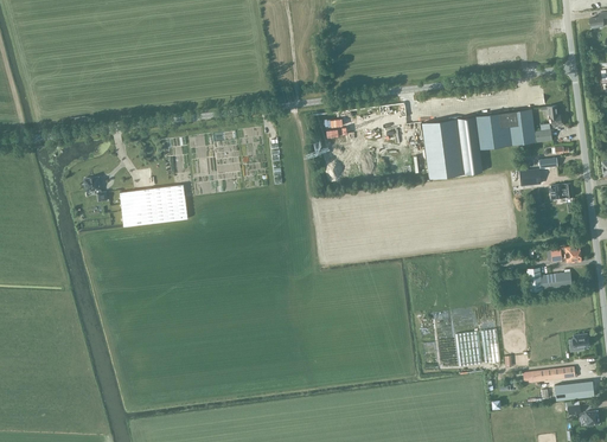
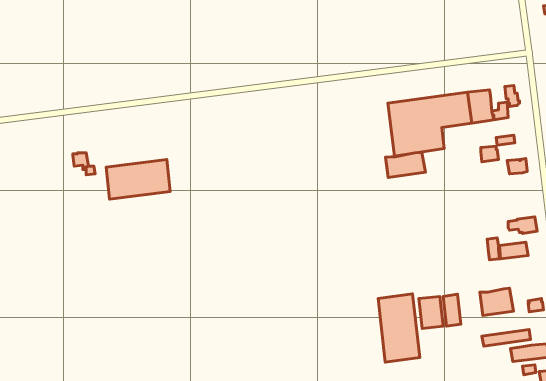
building: none -> [386,152,426,178]
building: none -> [480,288,514,316]
building: none -> [378,294,420,362]

